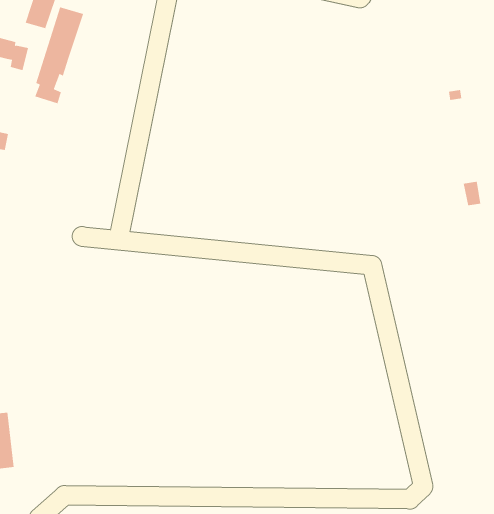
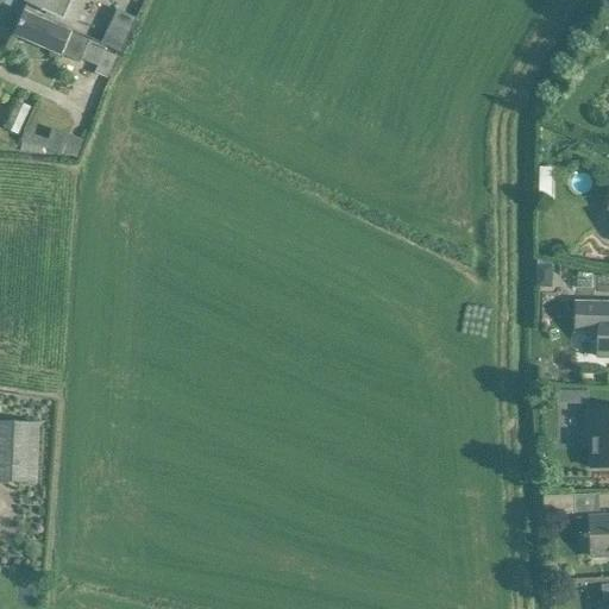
building: [34,7,84,104] -> none

